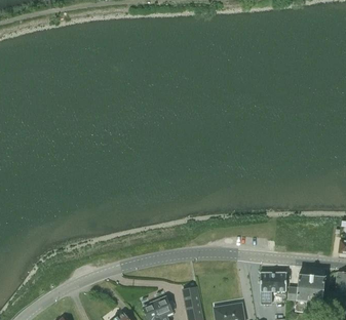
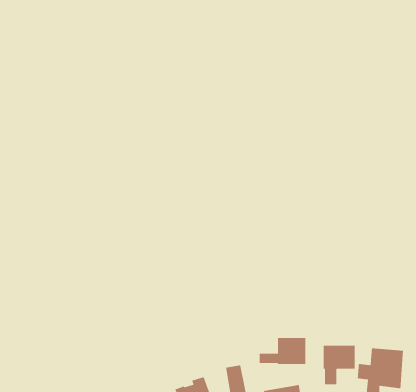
building: none -> [259,337,306,365]

